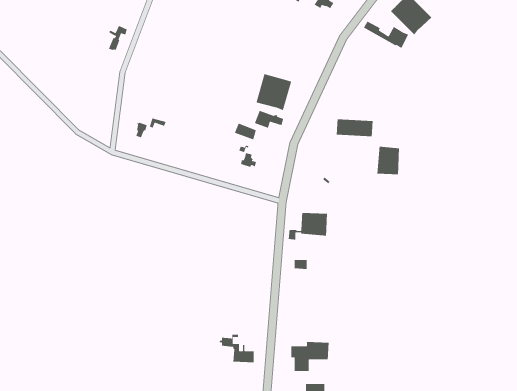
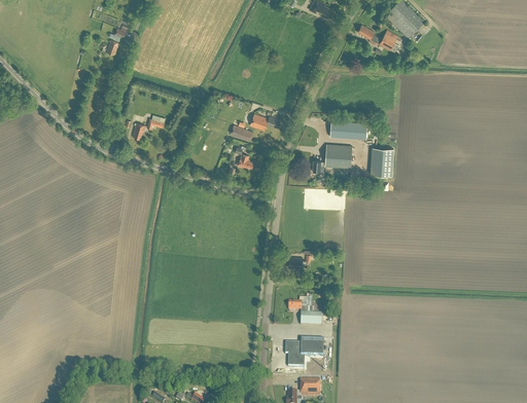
building: [255,73,292,111] -> none
building: [288,212,328,241] -> [313,144,352,172]
building: [219,334,255,363] -> [287,296,322,325]

